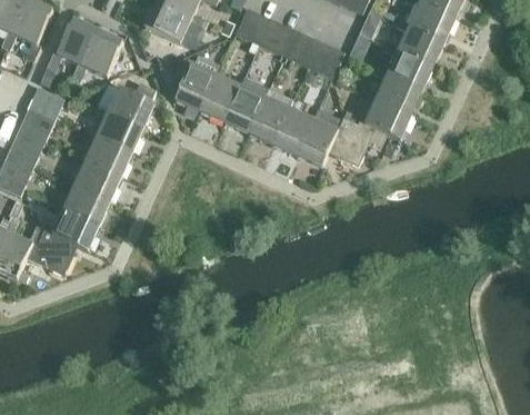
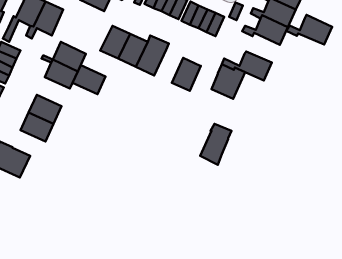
building: [358,72,421,113] -> [286,15,332,45]
building: [248,88,291,141] -> none
building: [297,108,340,165] -> [200,124,232,165]
building: [86,134,131,174] -> [73,65,106,94]
building: [52,207,98,247] -> none

